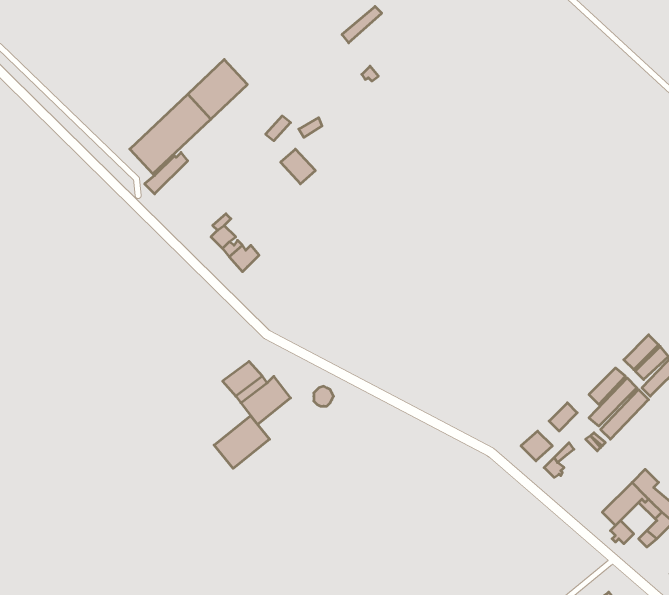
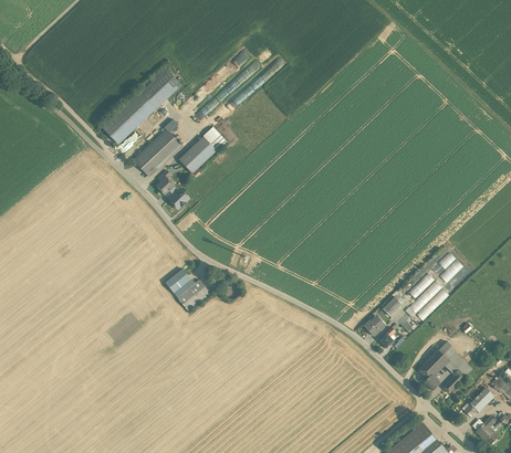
building: none -> [133,128,179,176]
building: none -> [178,136,216,172]
building: [214,416,270,468] -> none

